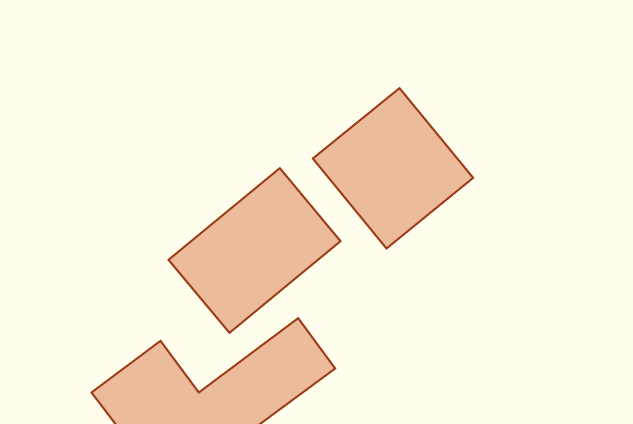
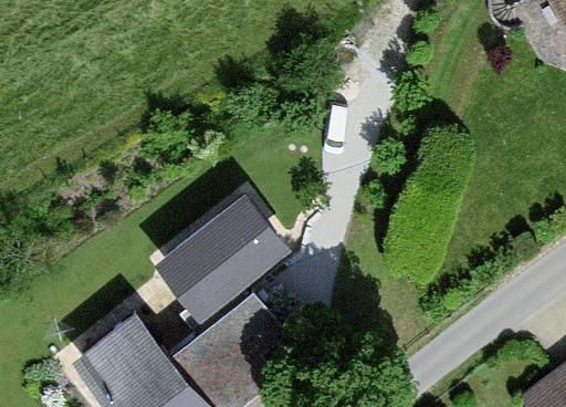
building: [313,88,473,248] -> none

